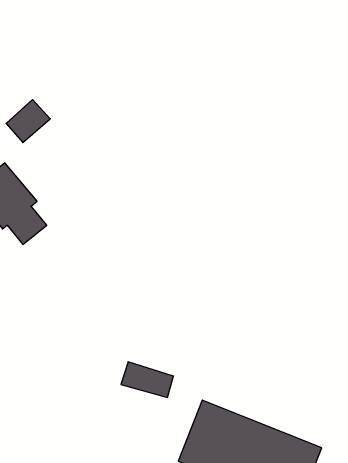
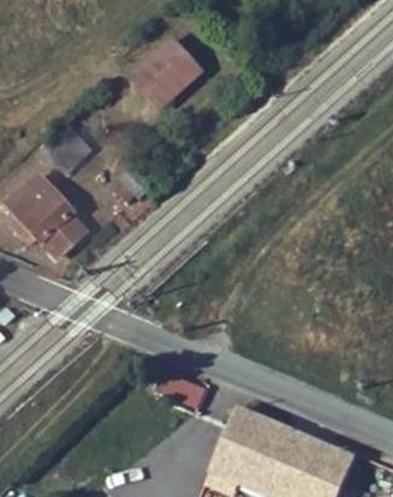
building: none -> [119,25,204,108]

